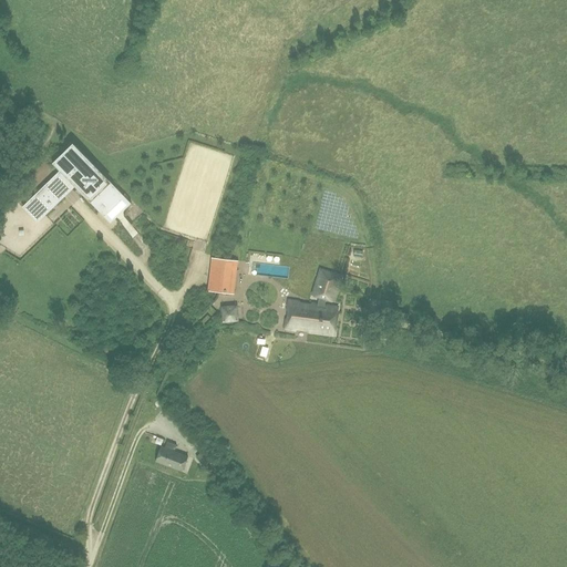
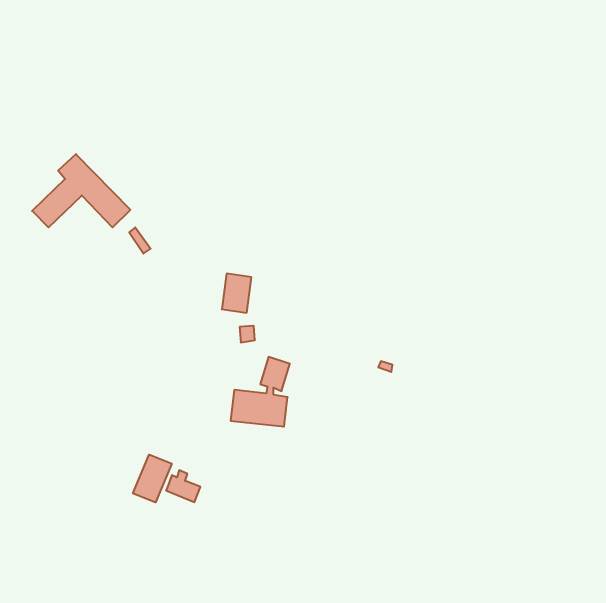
building: [285,268,340,333] -> [231,357,290,427]
building: none -> [133,455,172,502]

